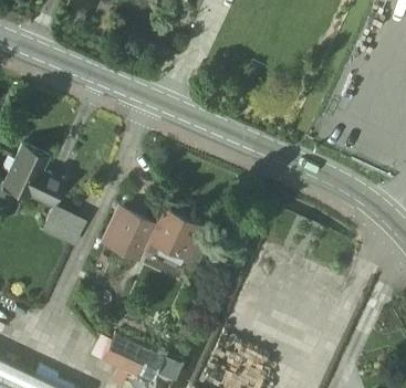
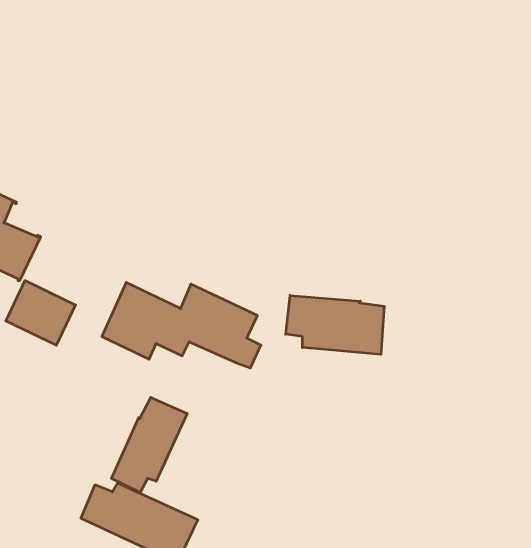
building: none -> [286,295,384,354]
building: none -> [111,397,187,493]

